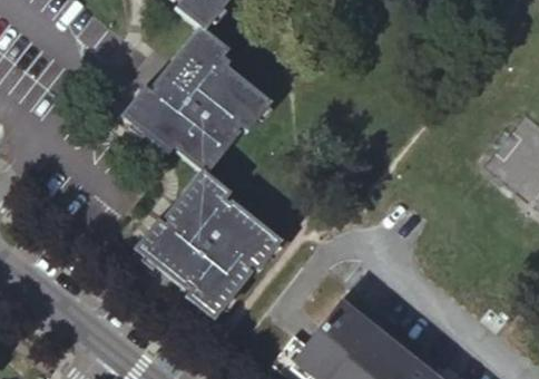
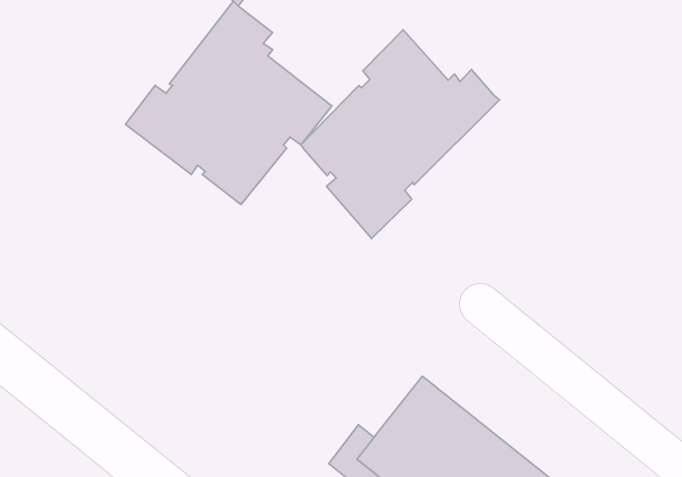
building: none -> [301,30,500,239]
building: [138,169,283,317] -> none

